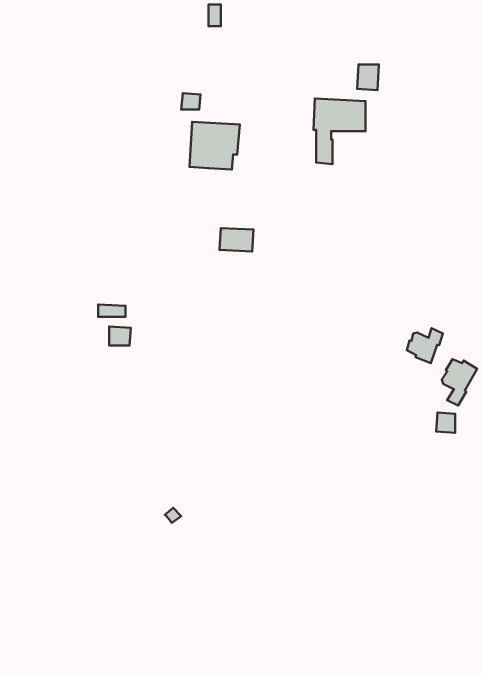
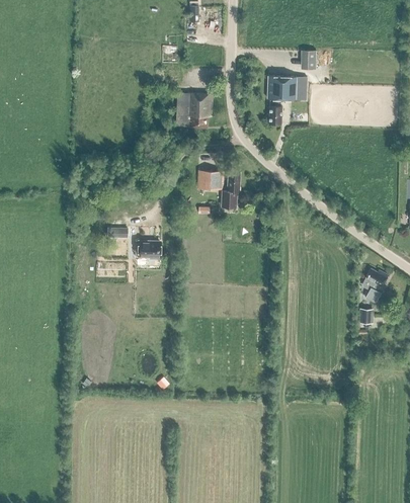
building: none -> [222,171,240,206]
building: none -> [135,241,161,259]
building: [407,328,443,363] -> none

